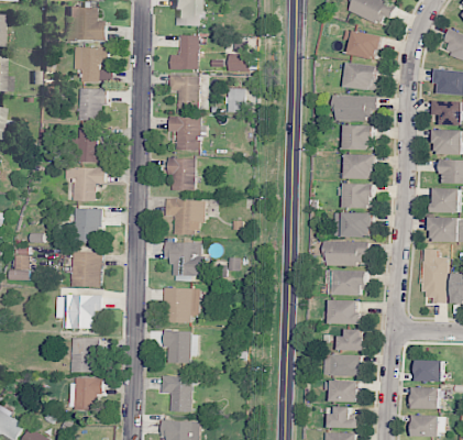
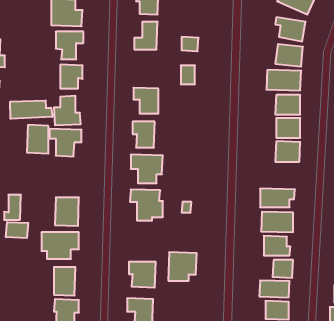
building: [168,75,199,110] -> none
building: none -> [10,100,52,119]
building: [74,208,100,243] -> [27,125,48,154]
building: [333,212,371,236] -> none
building: none -> [6,222,28,238]
building: [164,287,199,322] -> [168,252,197,281]

